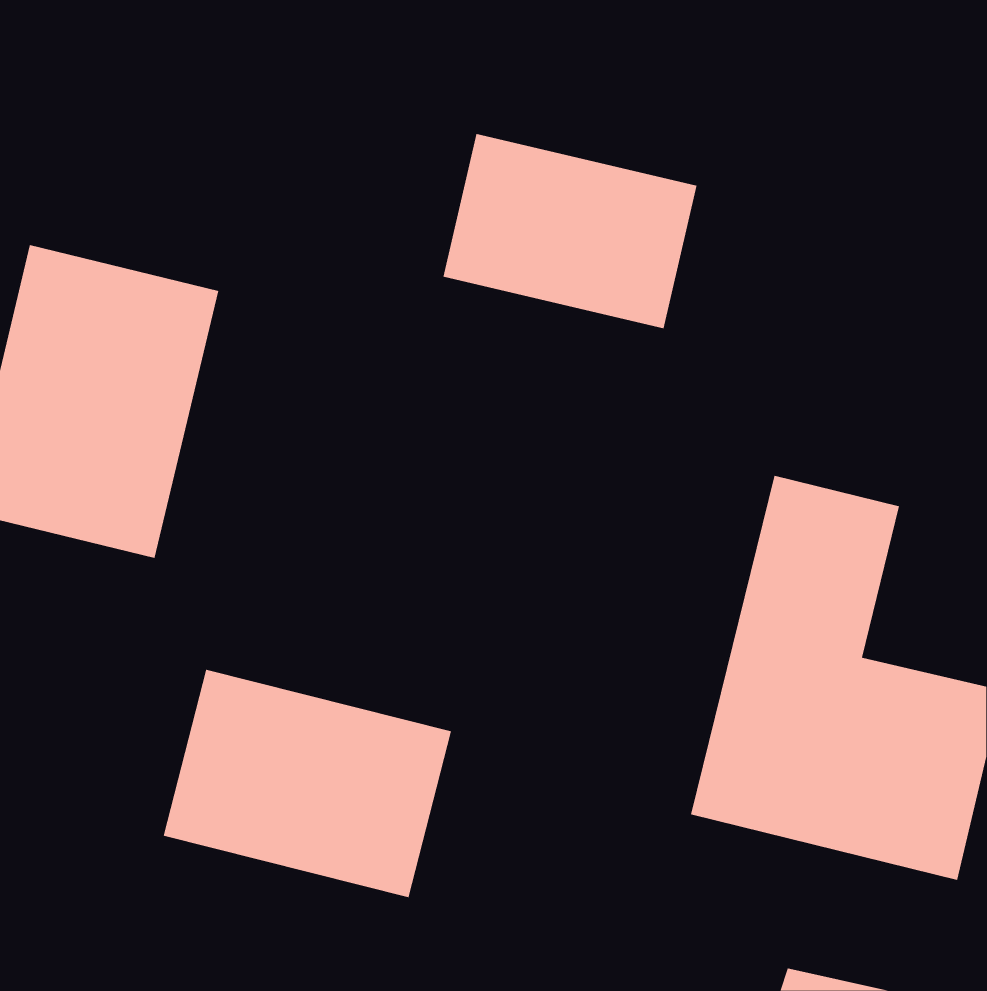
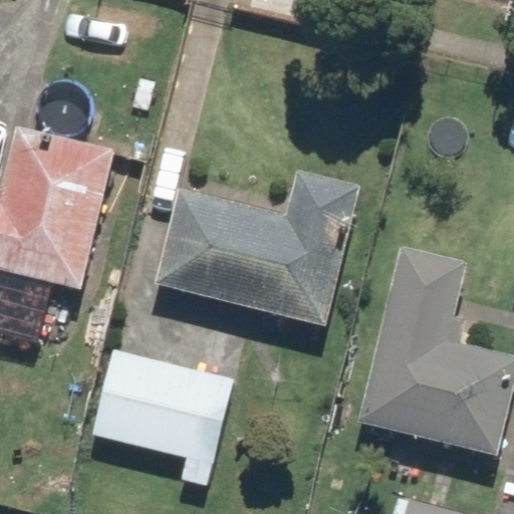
building: [443,133,697,329] -> none
building: none -> [156,173,359,323]

